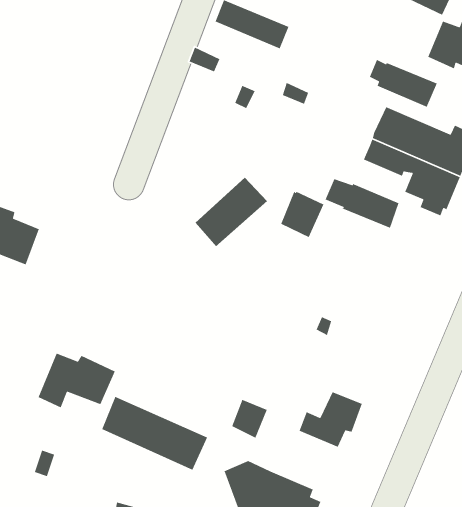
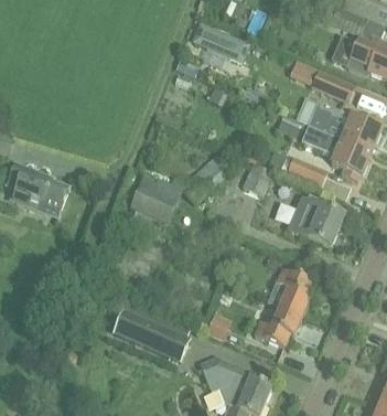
building: none -> [129,183,178,223]
building: none -> [288,194,344,247]
building: none -> [267,268,312,314]
building: [37,352,116,408] -> none

